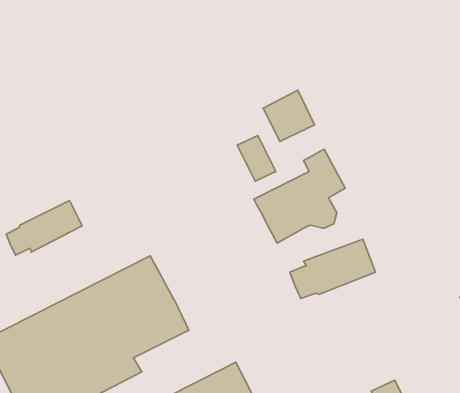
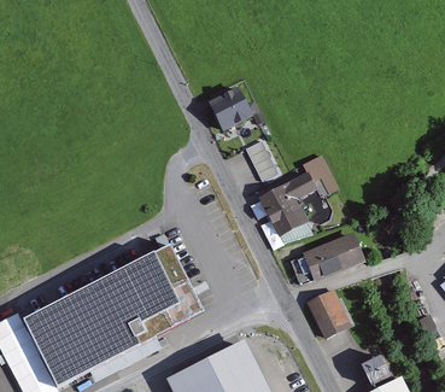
building: [263,90,314,141] -> [209,86,253,130]
building: [6,201,82,255] -> none
building: none -> [306,288,351,338]

